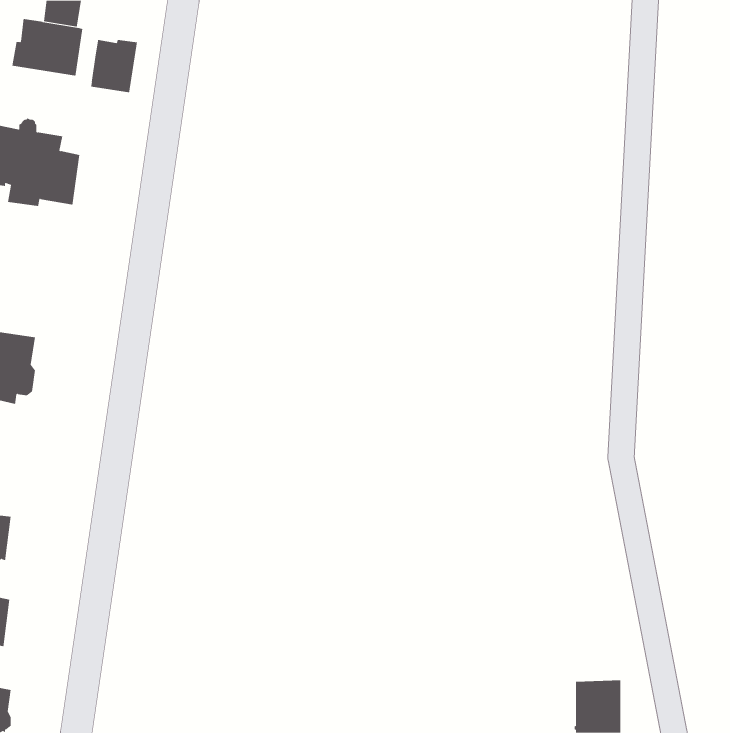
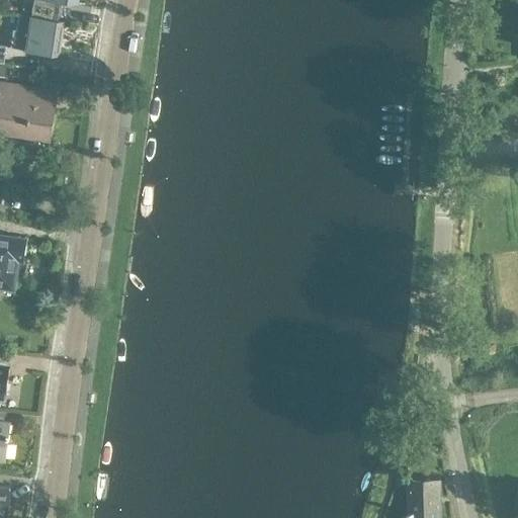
building: [91,39,137,93] -> none

